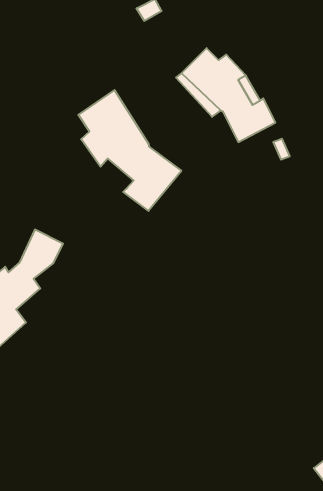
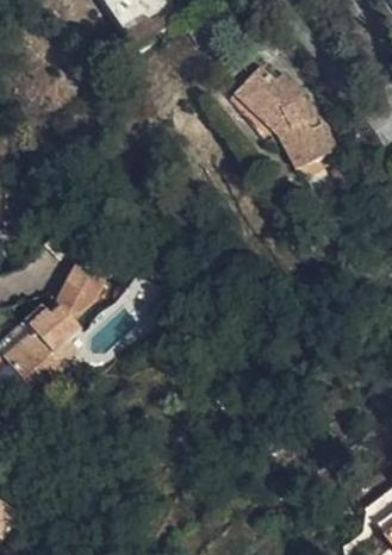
building: [78,90,181,211] -> none

